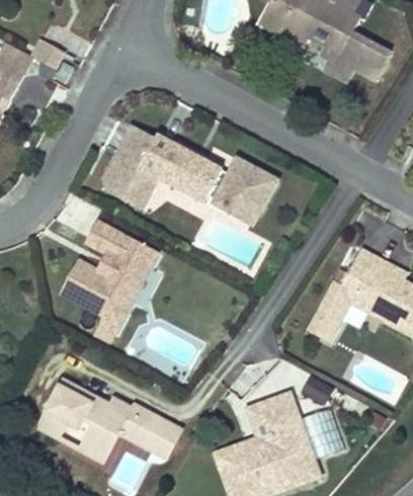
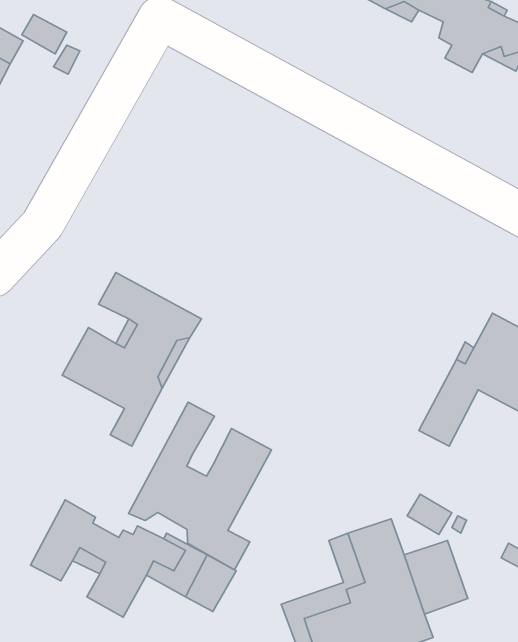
building: [99,125,273,221] -> none
building: none -> [128,402,271,570]

